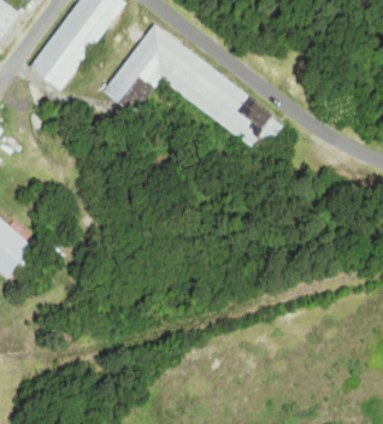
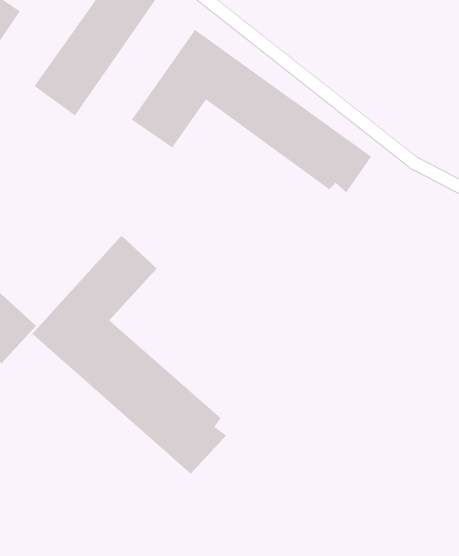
building: none -> [31,235,227,475]

